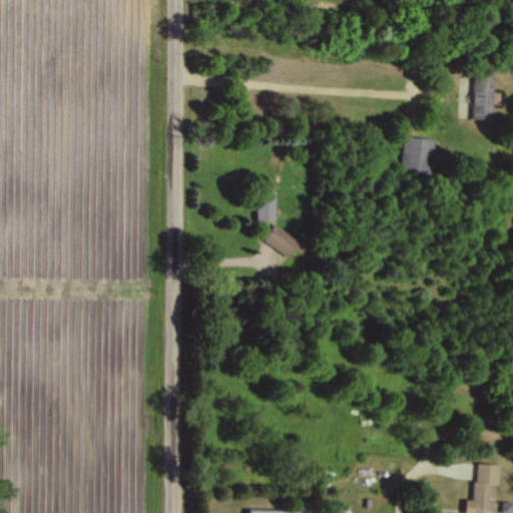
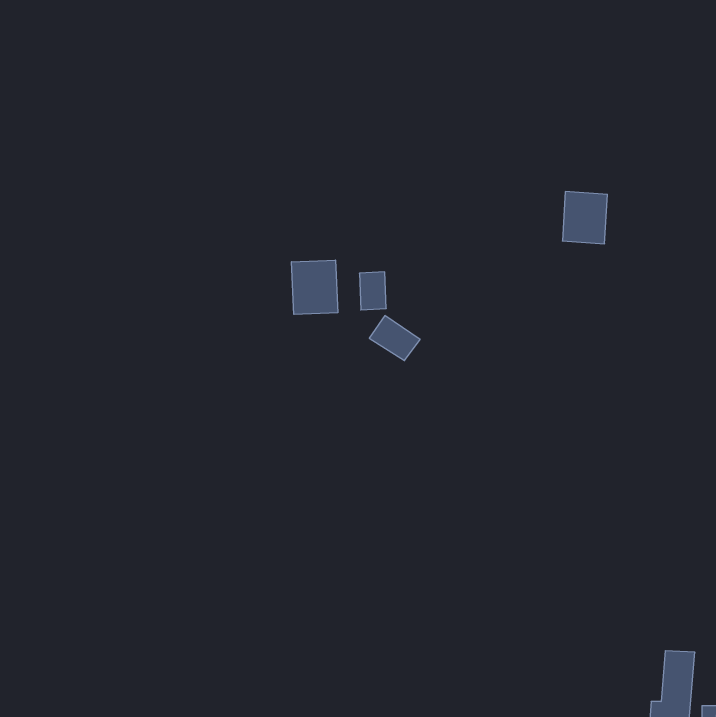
building: [474,77,495,120] -> none
building: none -> [292,260,338,314]

